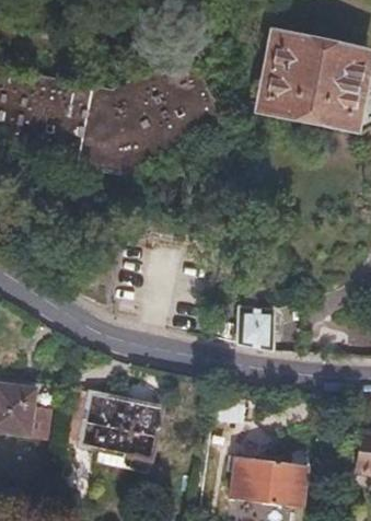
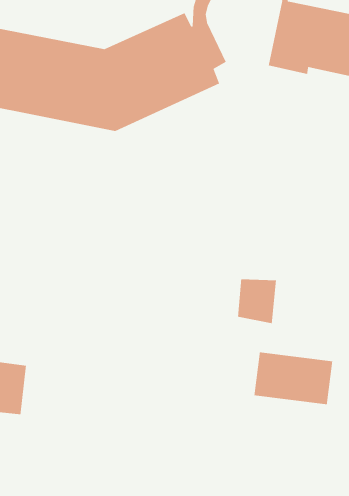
building: [73,395,163,458] -> none
building: [232,460,309,511] -> [254,352,333,405]

